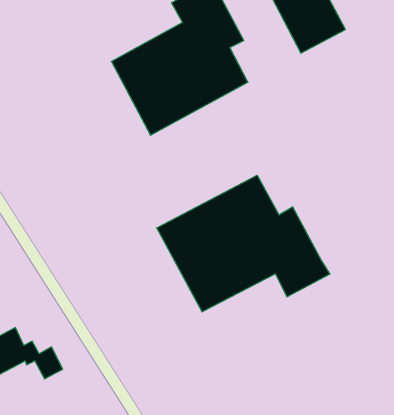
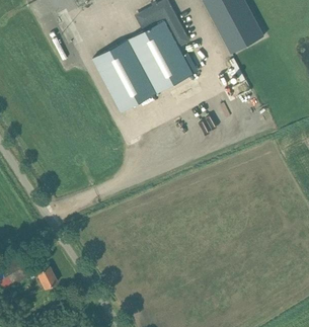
building: [157,175,330,312] -> none

